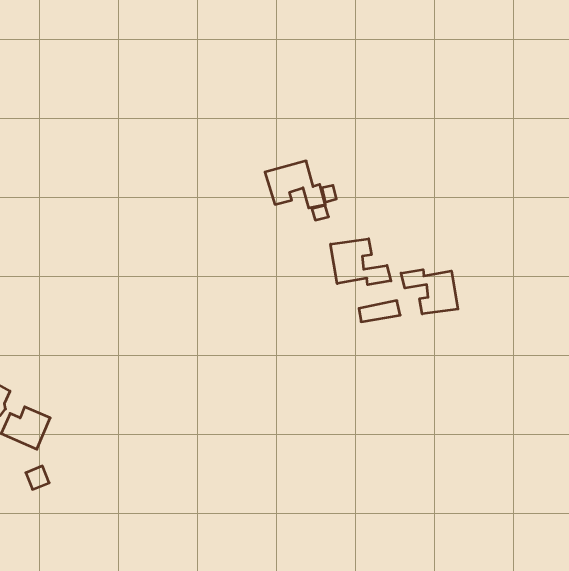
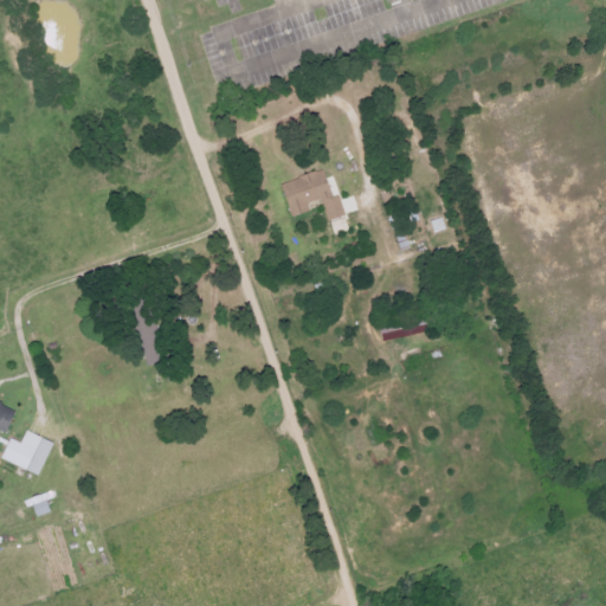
building: [331,239,391,285] -> none
building: [401,270,458,314] -> none

